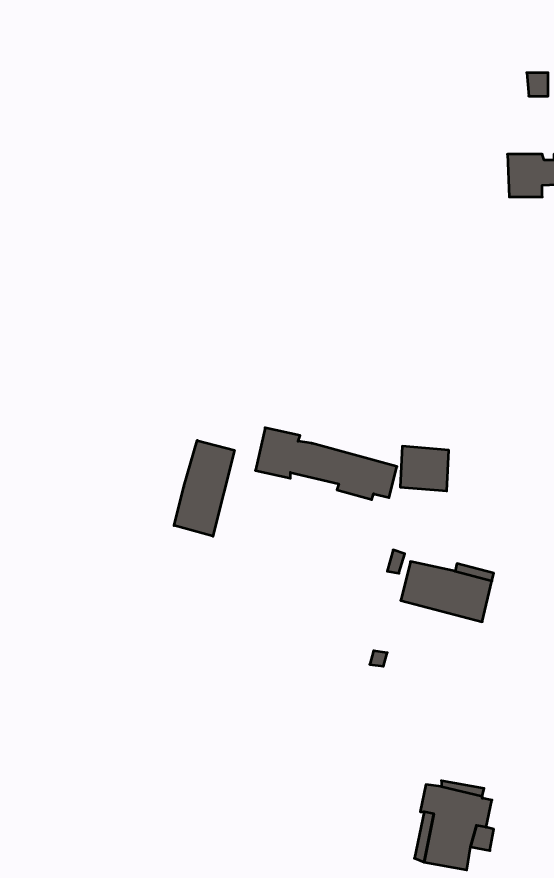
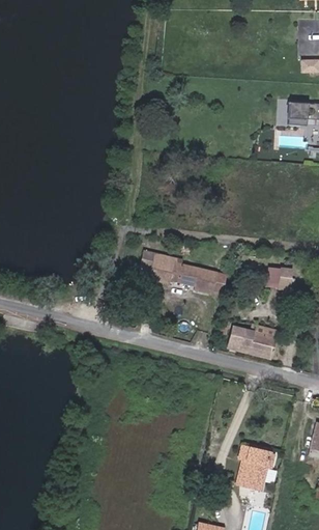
building: [174,440,234,536] -> none
building: [400,446,449,491] -> [267,266,293,289]

